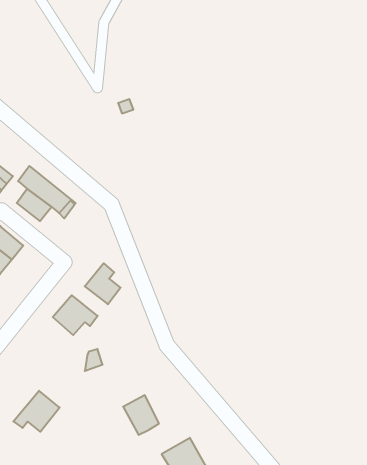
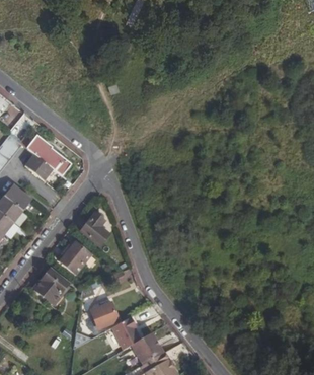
building: none -> [92,302,119,327]
building: [13,391,60,432] -> [26,267,63,299]
building: none -> [131,333,162,364]

